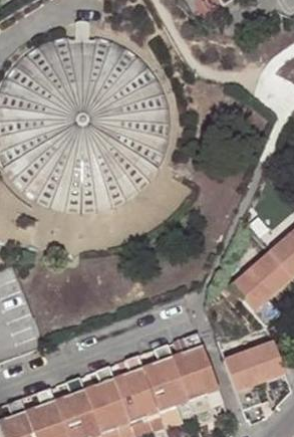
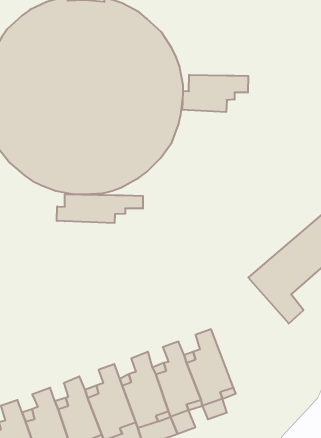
building: none -> [183,75,248,112]
building: none -> [57,194,143,223]
building: [220,342,283,411] -> none

